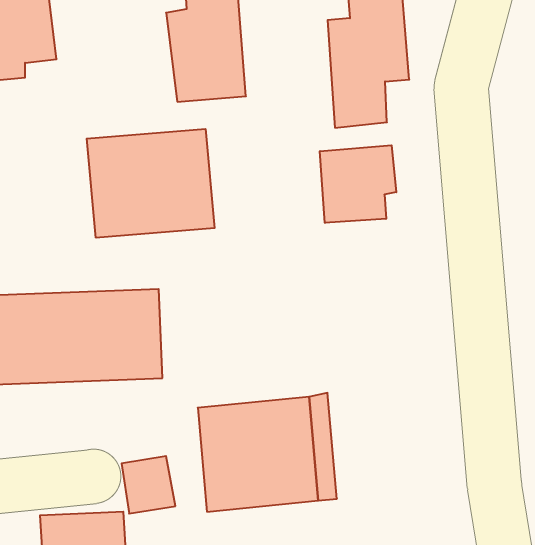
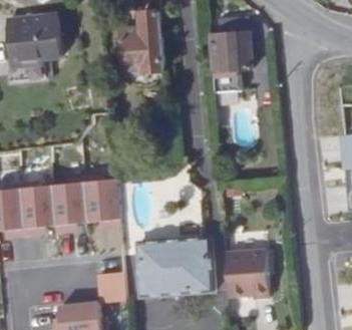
building: [87,129,215,238] -> none
building: [320,145,396,223] -> none
building: none -> [226,248,269,296]

